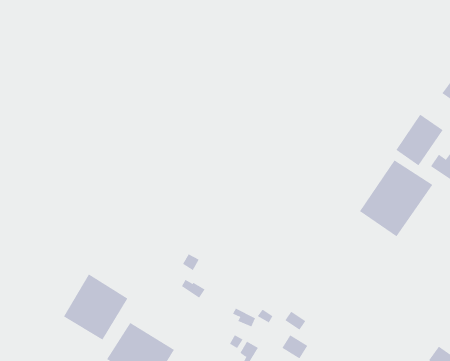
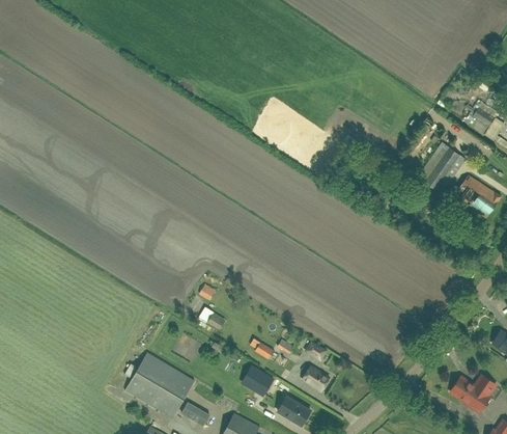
building: [359,159,433,237] -> none
building: [63,273,128,341] -> none

